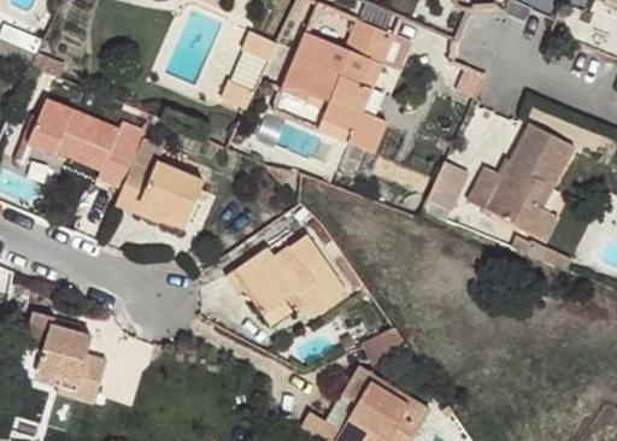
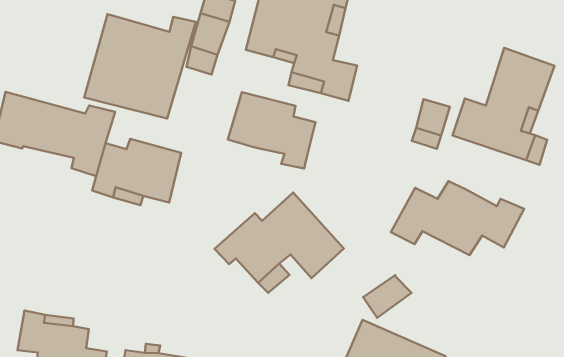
building: none -> [84,14,196,118]
building: none -> [228,92,316,168]
building: none -> [391,181,524,255]

